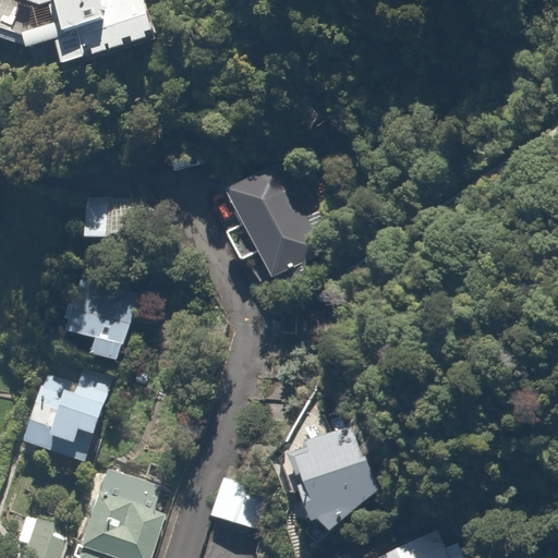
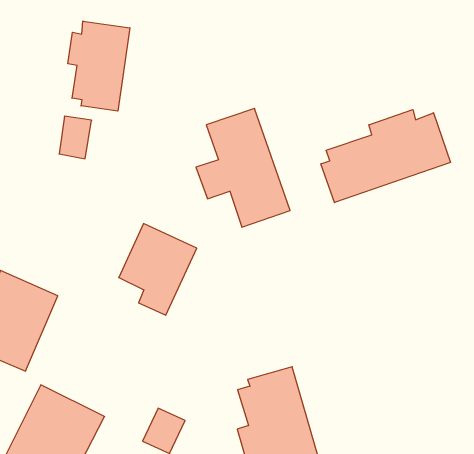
building: none -> [68,21,130,111]
building: none -> [321,110,451,203]
building: [62,271,137,362] -> [119,224,197,315]

